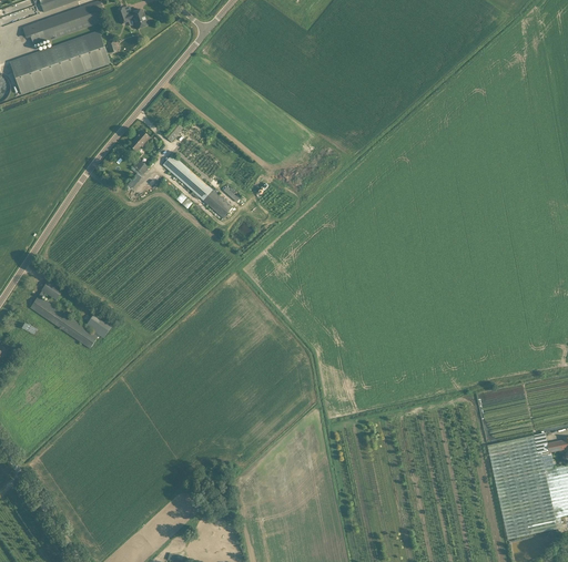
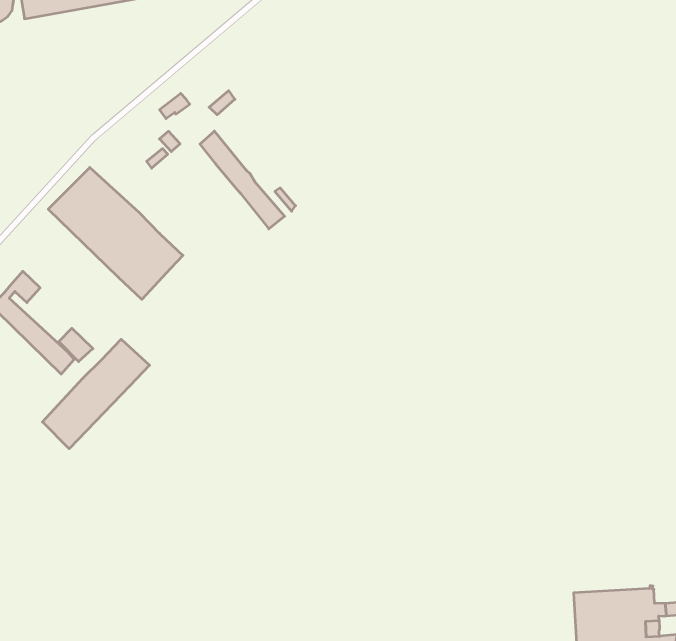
building: none -> [48,167,183,299]
building: none -> [42,339,150,449]

